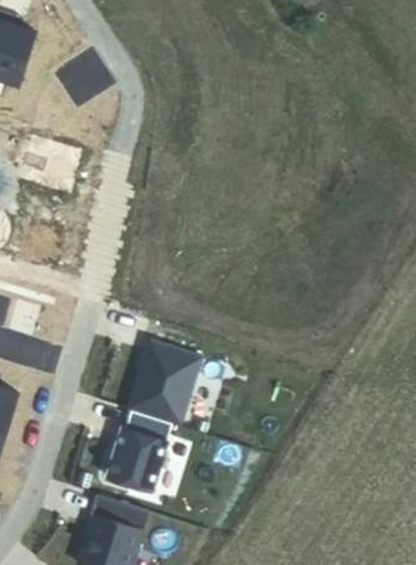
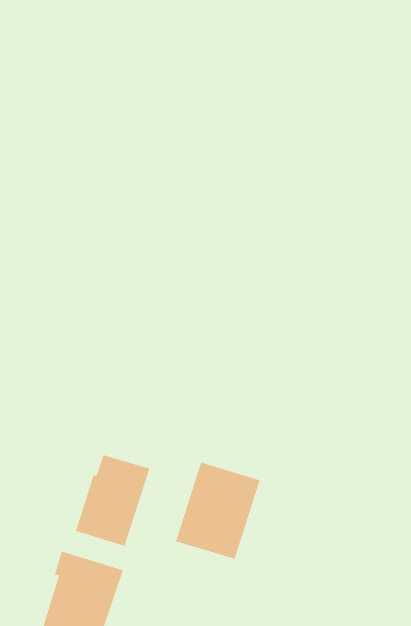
building: [127,342,201,427] -> [175,462,260,560]

